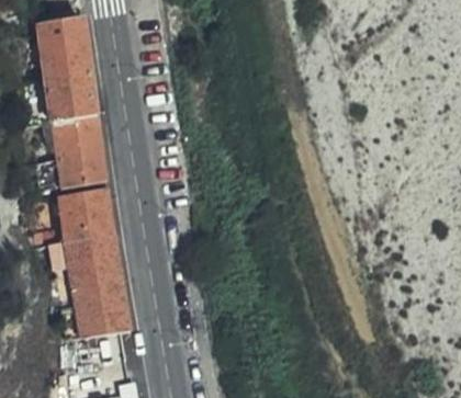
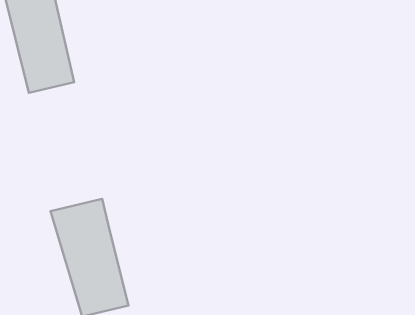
building: [52,111,106,182] -> none
building: [54,184,114,235] -> none

